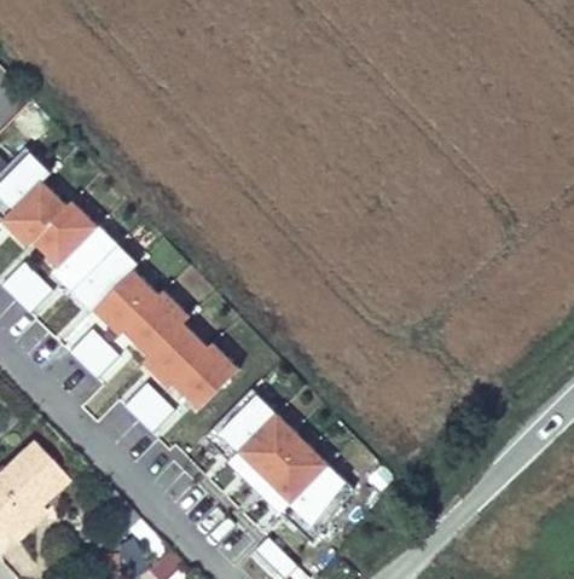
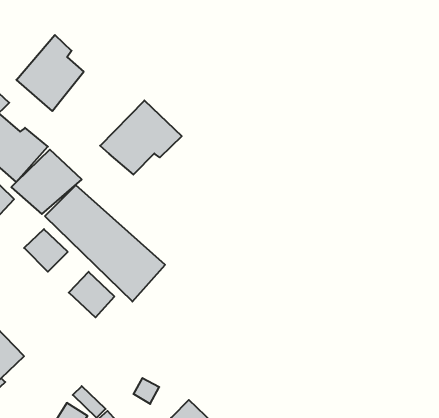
building: none -> [16,35,84,111]
building: none -> [100,100,182,175]
building: [205,389,354,544] -> none

